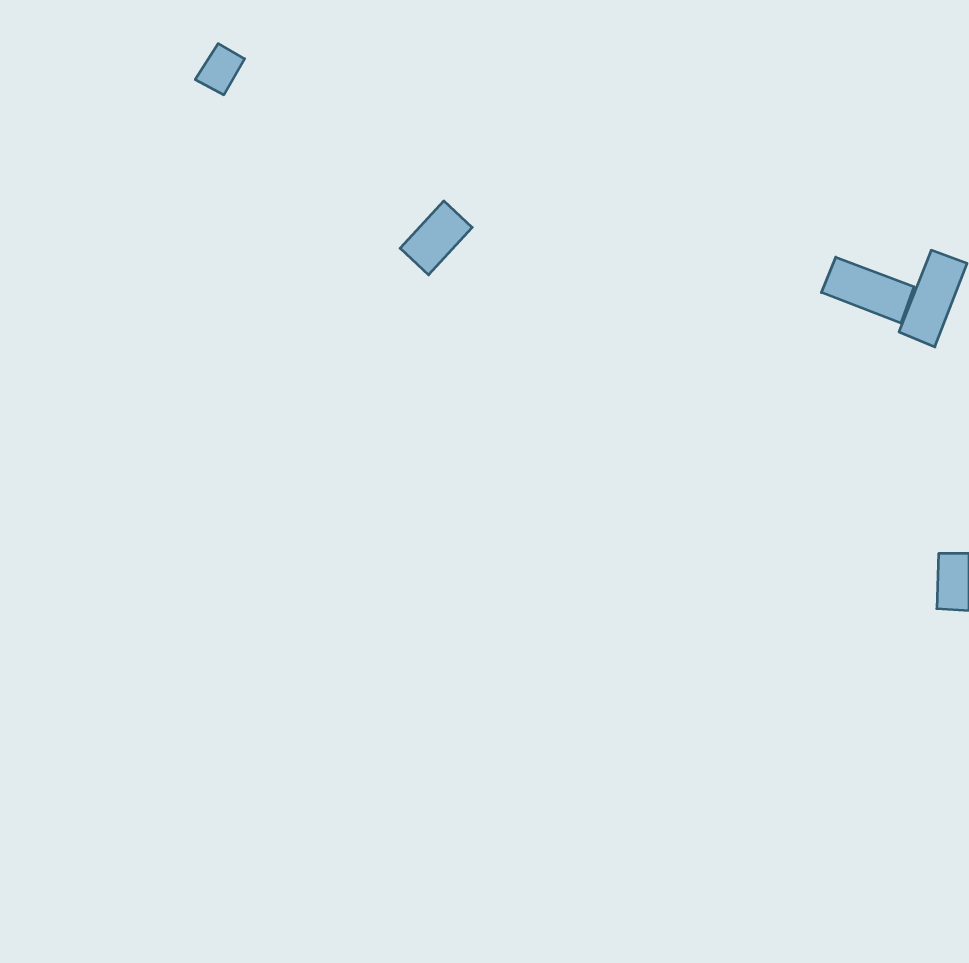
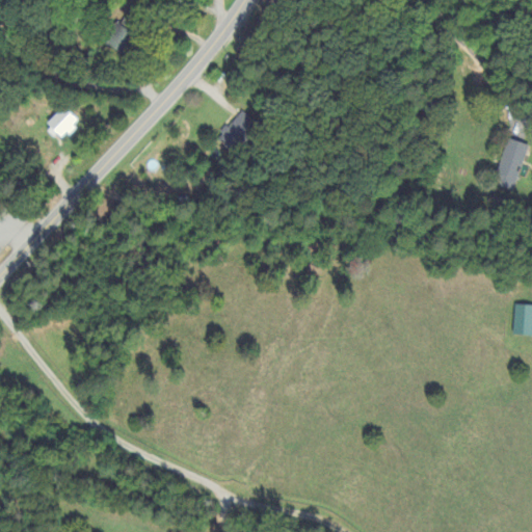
building: none -> [45,105,79,139]
building: [821,257,914,323] -> none

